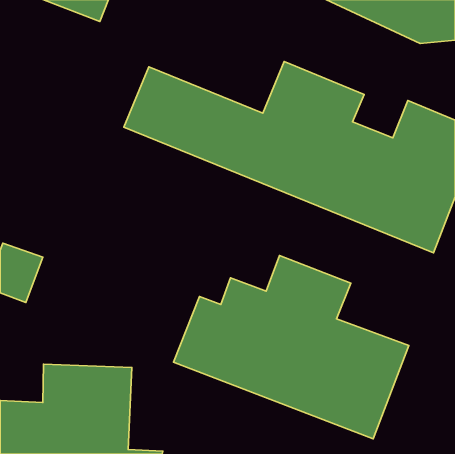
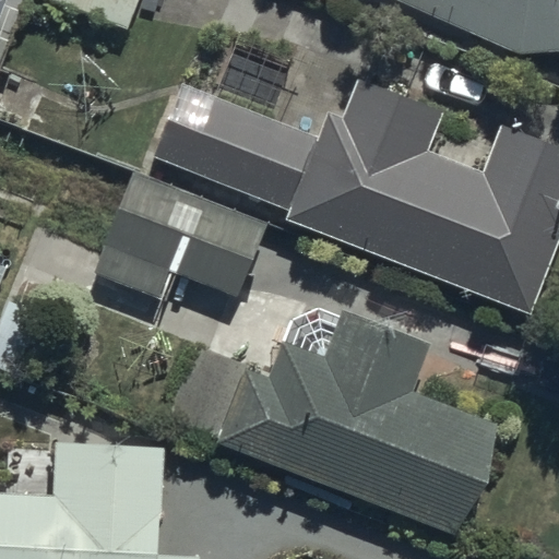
building: none -> [88,174,264,305]

